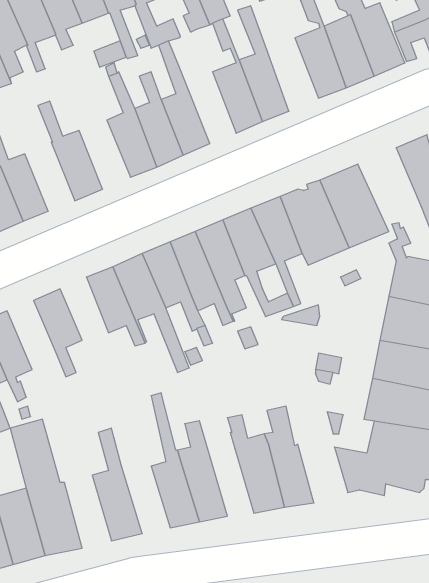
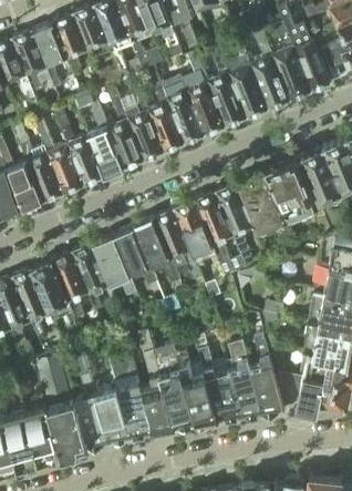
building: none -> [228,40,267,119]
building: none -> [162,75,205,143]
building: none -> [73,90,125,177]
building: none -> [37,123,83,194]
building: none -> [302,146,344,200]
building: none -> [72,244,108,294]
building: none -> [32,262,79,326]
building: none -> [251,338,289,415]
building: none -> [177,350,218,424]
building: none -> [75,359,111,449]
building: none -> [113,360,155,438]

